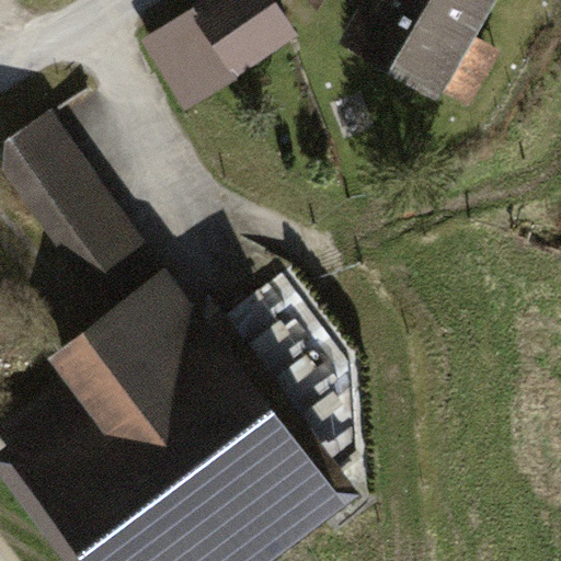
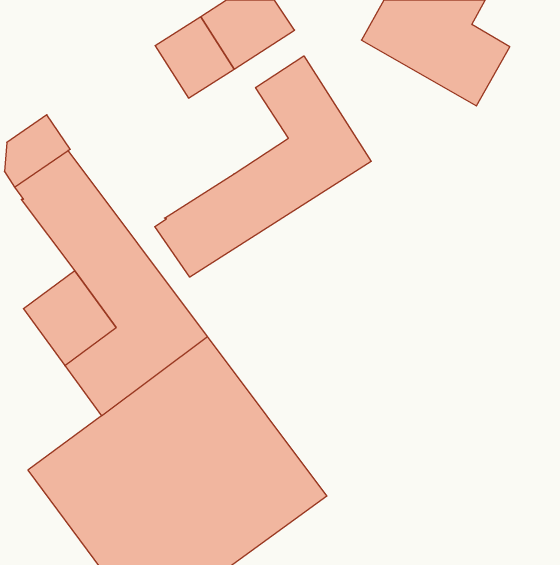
building: none -> [155,56,371,277]

